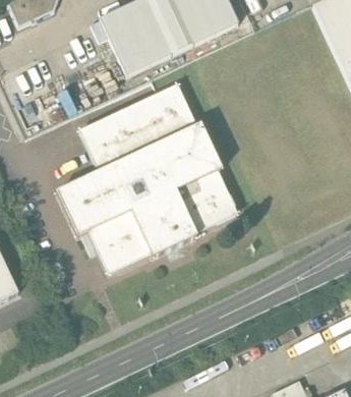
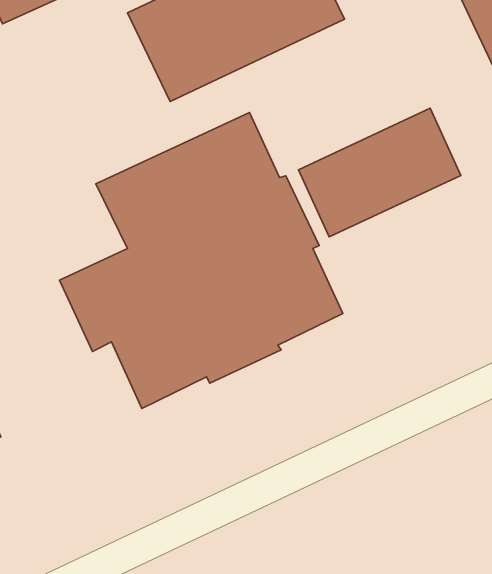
building: none -> [298,108,461,237]

